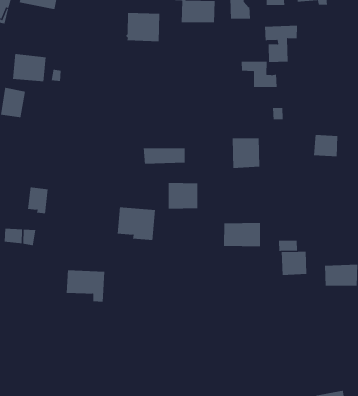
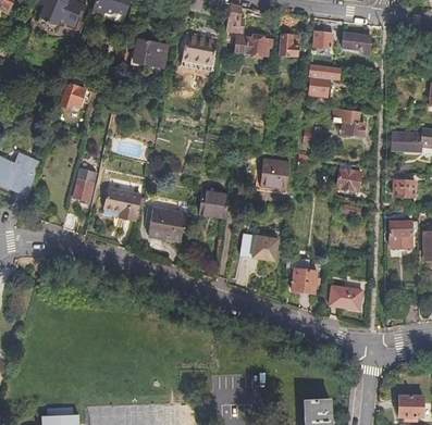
building: [12,53,47,82] -> [135,36,169,65]
building: [241,61,278,88] -> [333,109,365,137]
building: [143,147,185,164] -> none
building: [66,270,105,302] -> [101,189,139,223]

